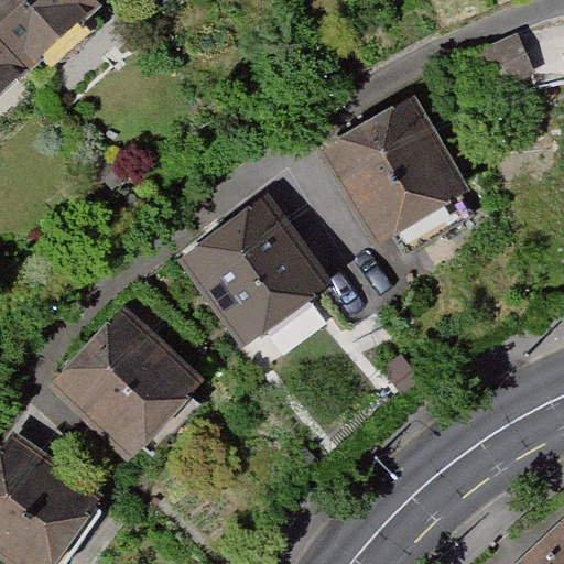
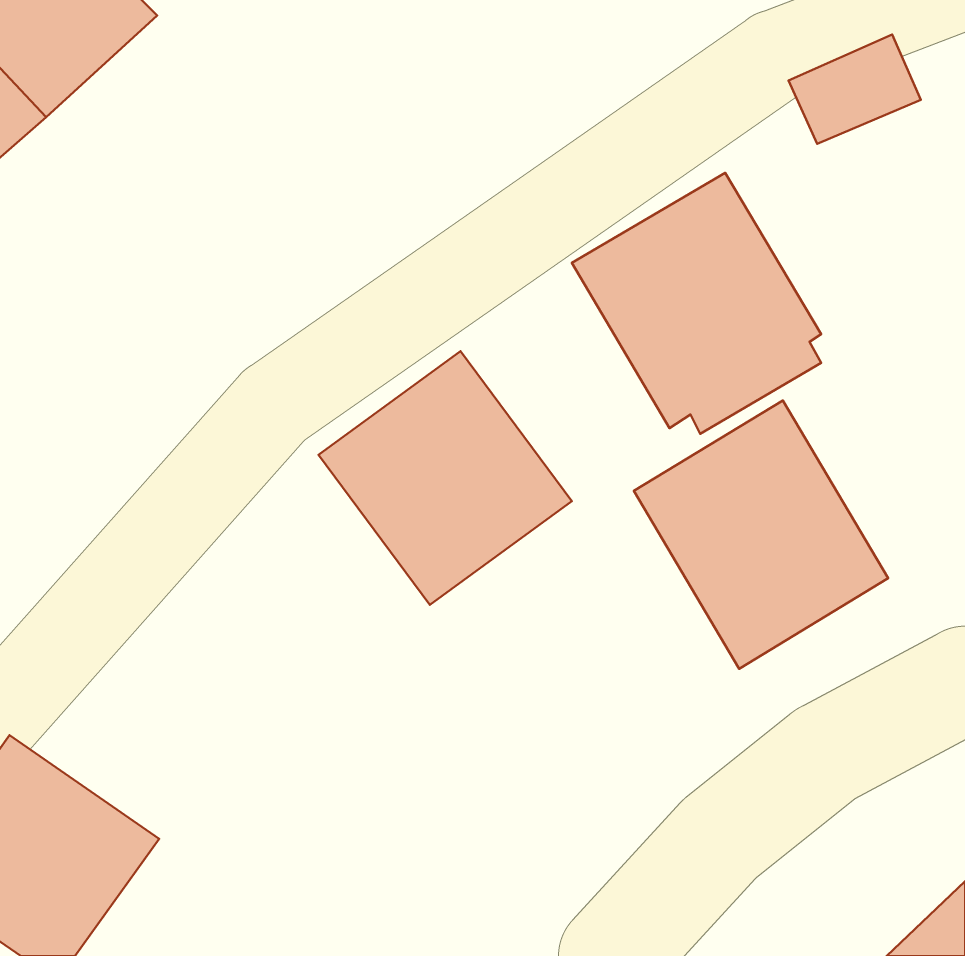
building: none -> [634,400,888,669]
building: [48,306,203,458] -> none

